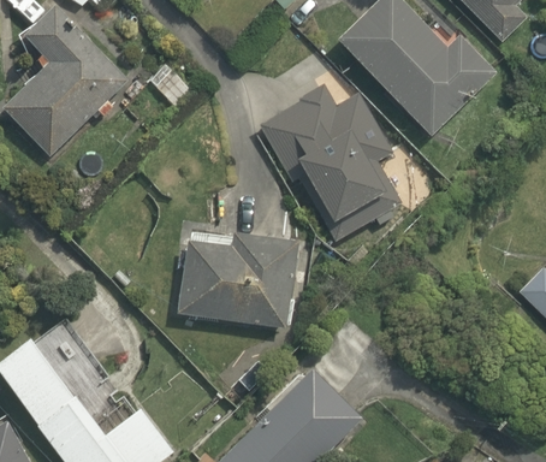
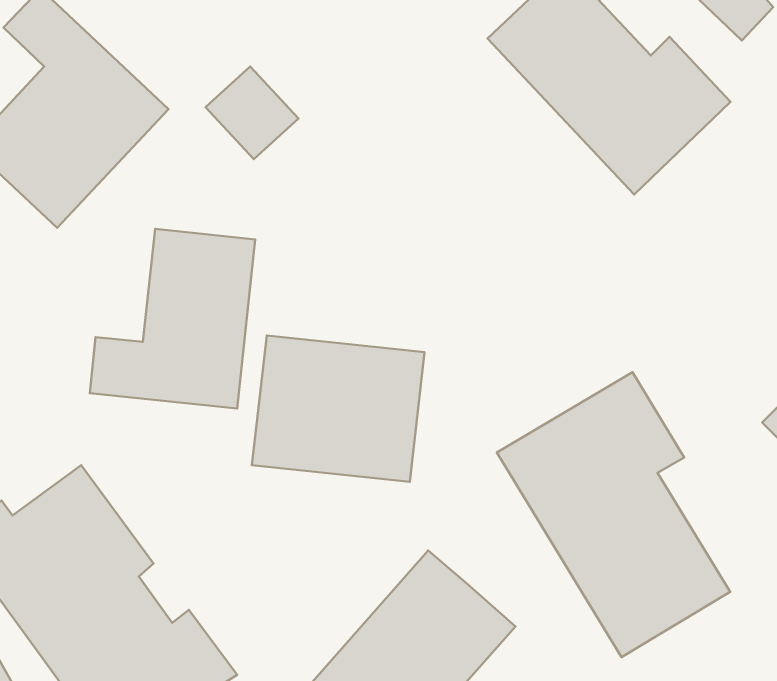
building: [261,85,405,248] -> none
building: none -> [90,229,255,408]
building: none -> [497,372,730,657]

